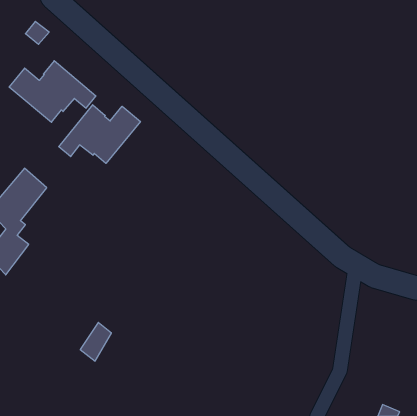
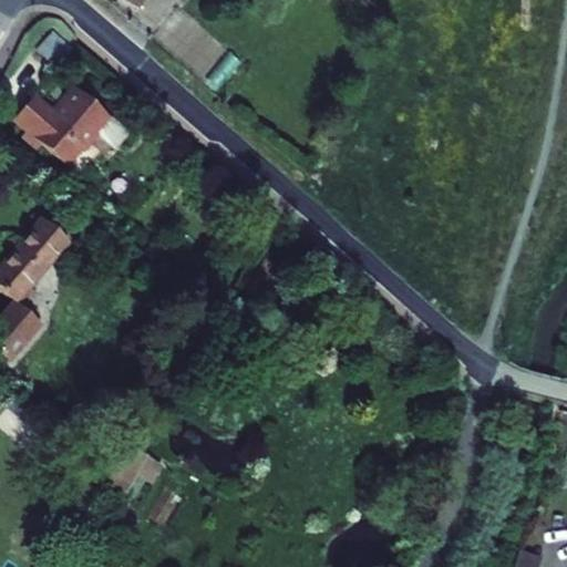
building: [59,105,140,163] -> none

